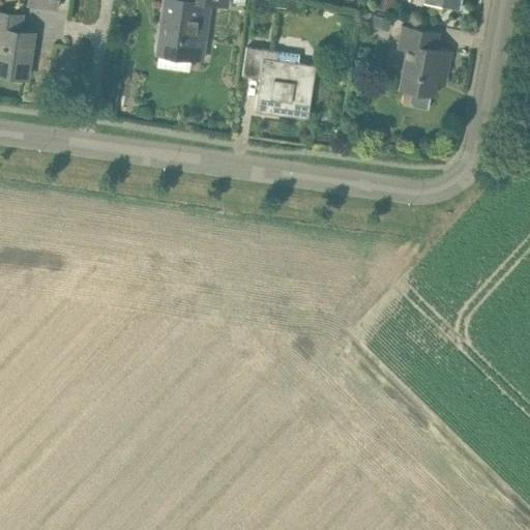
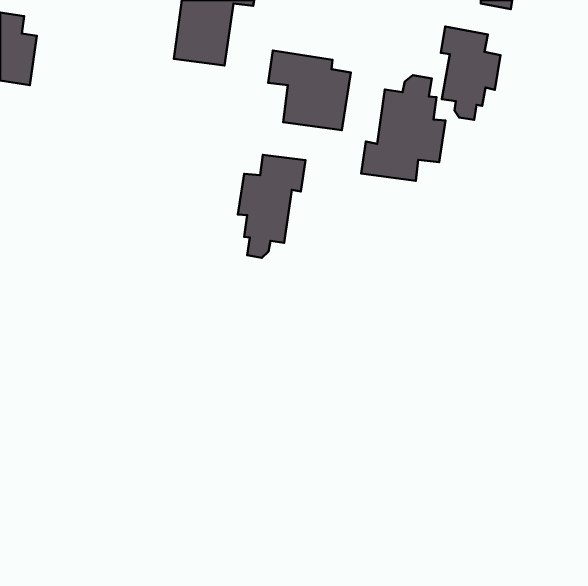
building: none -> [361,75,446,181]
building: none -> [238,155,306,258]

